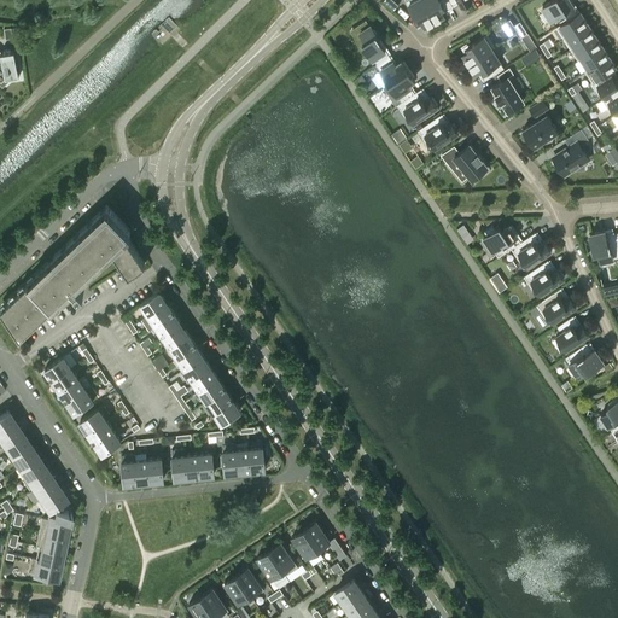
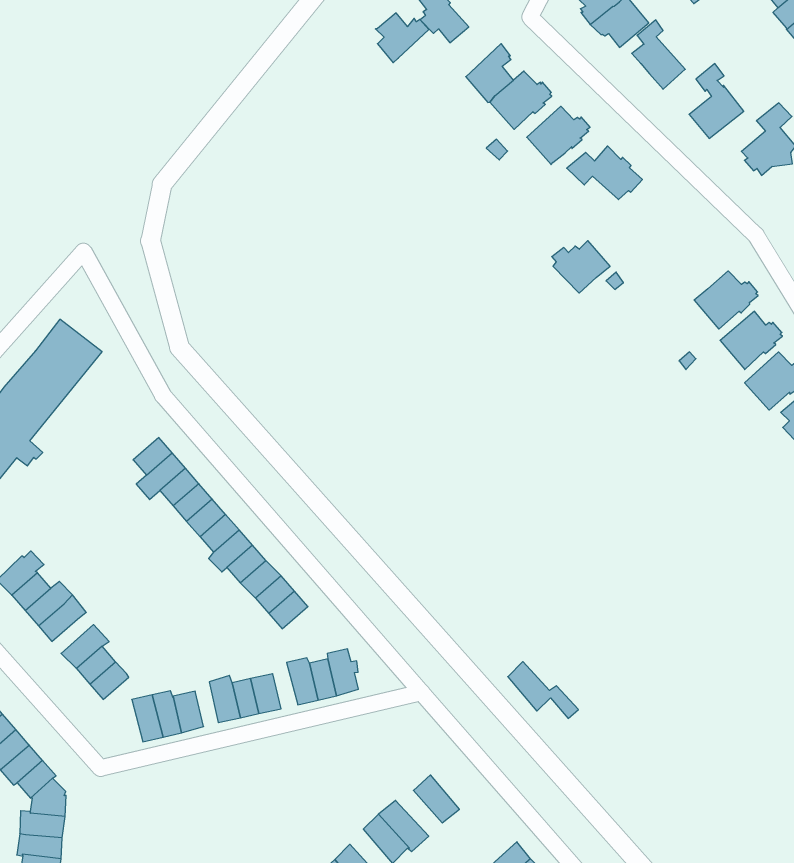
building: [377,59,410,91] -> [375,13,429,63]
building: [485,227,521,260] -> [552,241,610,293]
building: [115,241,146,278] -> none
building: [305,523,348,562] -> [508,662,578,718]

